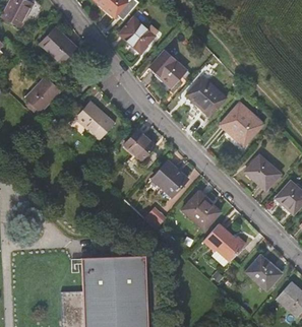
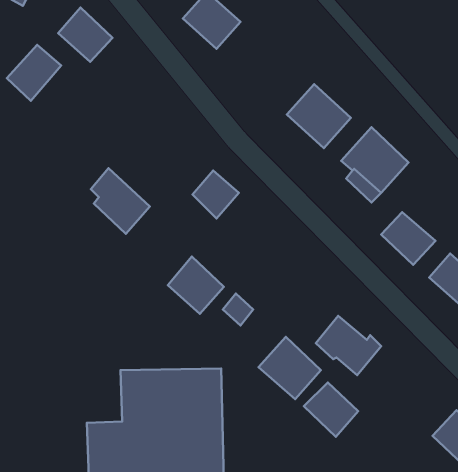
building: [149,51,186,87] -> none
building: [26,77,61,113] -> [7,45,61,101]
building: [76,101,114,142] -> [91,168,150,234]
building: [152,159,187,196] -> [168,256,224,314]
building: [179,192,219,232] -> [259,337,321,399]
building: [245,256,280,290] -> [304,382,358,437]

